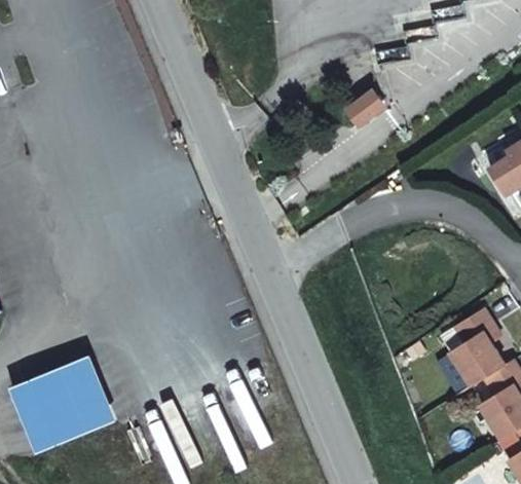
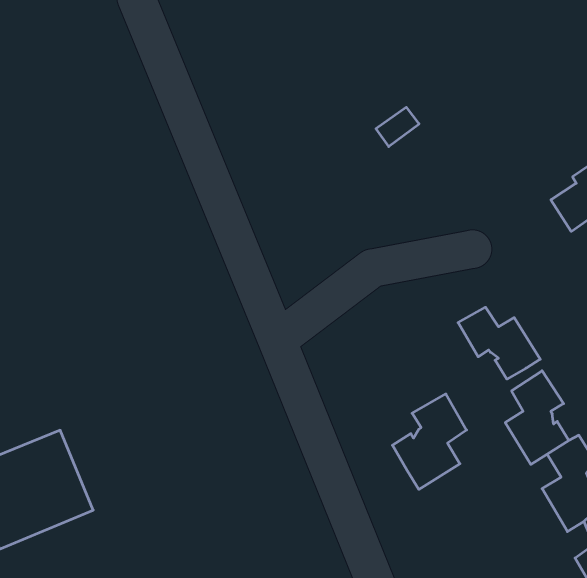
building: none -> [458,307,540,379]
building: none -> [392,394,467,489]

